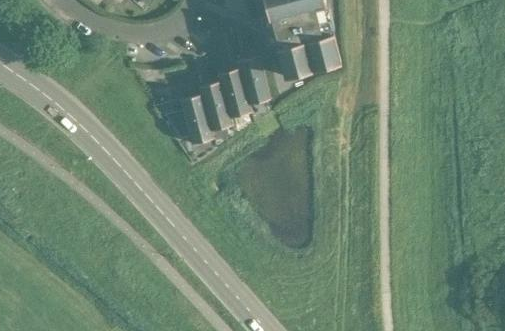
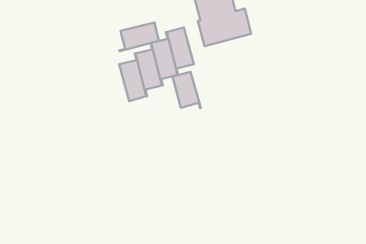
building: none -> [119,22,159,51]
building: none -> [173,72,201,108]

